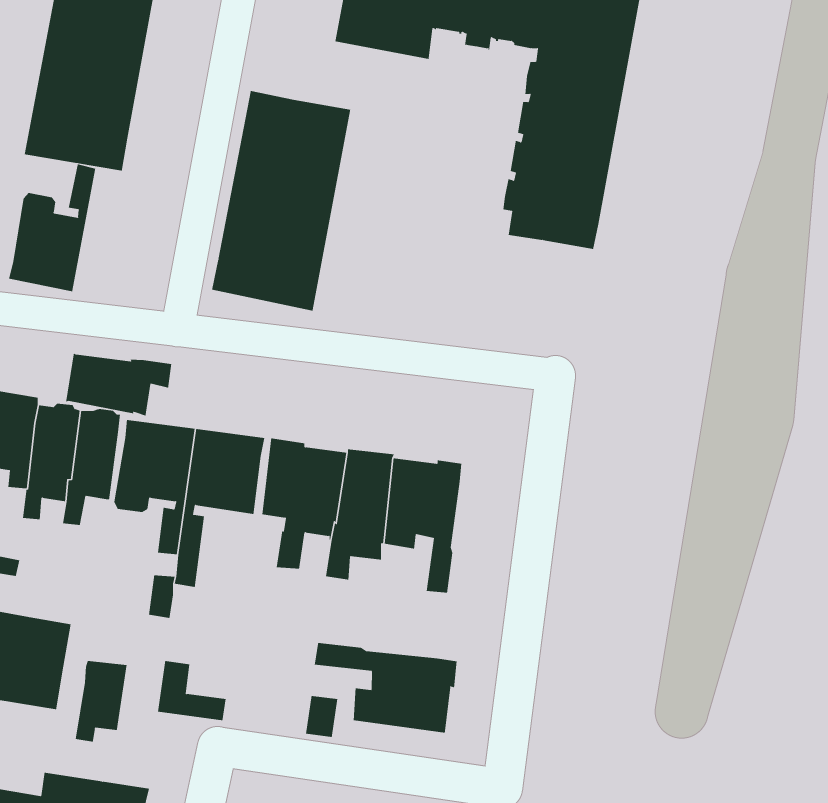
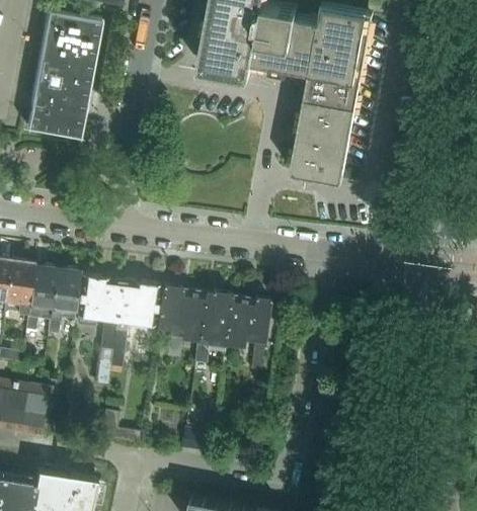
building: [211,90,351,311] -> none
building: [9,164,96,292] -> none
building: [65,353,172,417] -> none
building: [314,642,457,734] -> none
building: [75,660,127,743] -> none

